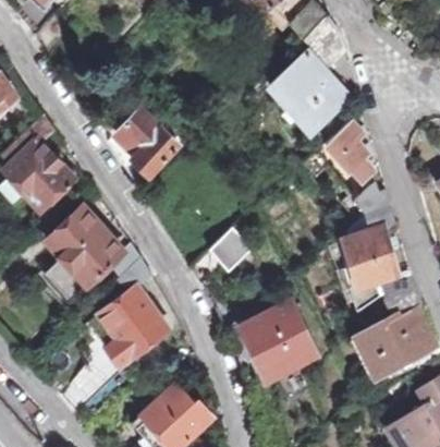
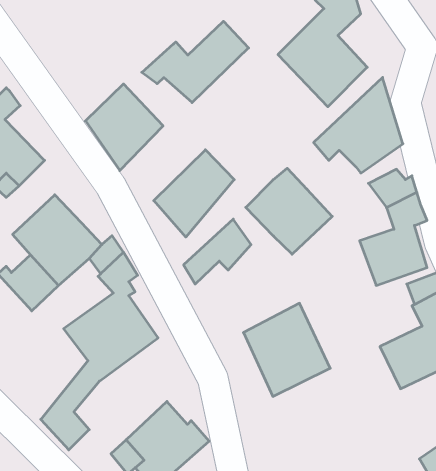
building: none -> [142,21,249,103]
building: none -> [154,150,234,237]
building: none -> [246,168,332,254]

